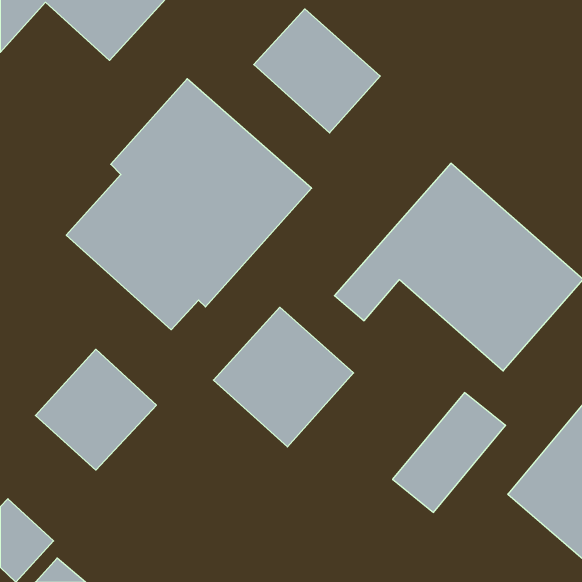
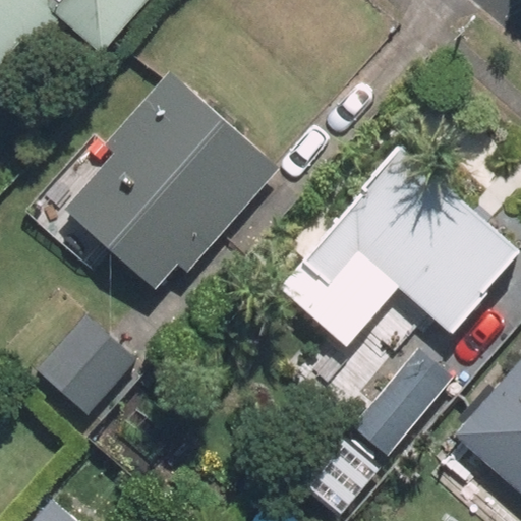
building: [254,9,380,133] -> none
building: [213,307,354,447] -> none

